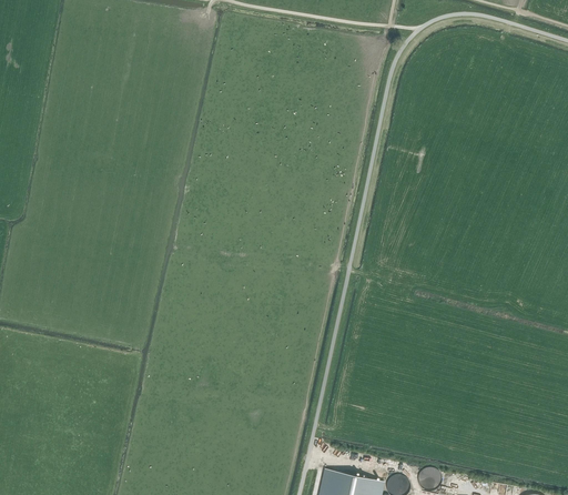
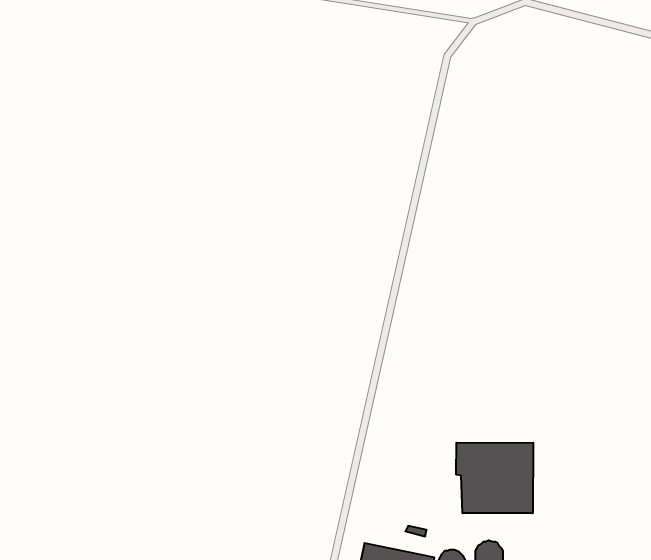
building: none -> [456,443,533,513]

